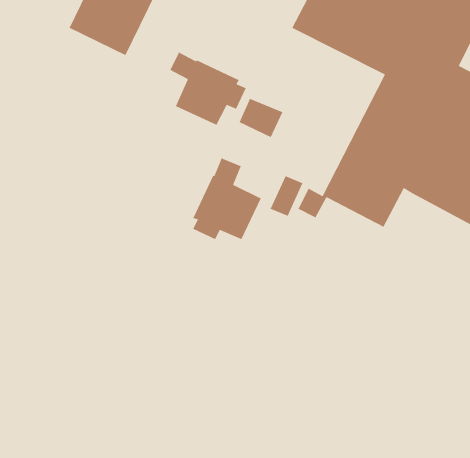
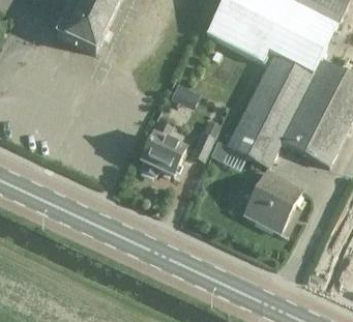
building: [169,51,247,126] -> none
building: none -> [243,167,303,231]

